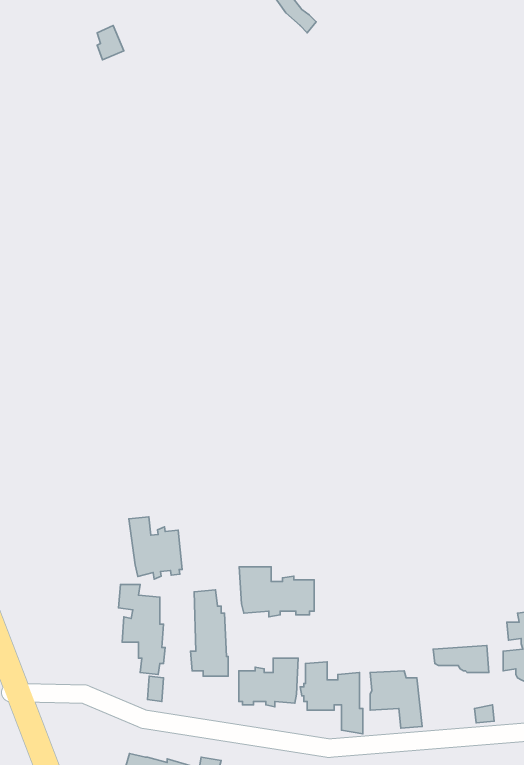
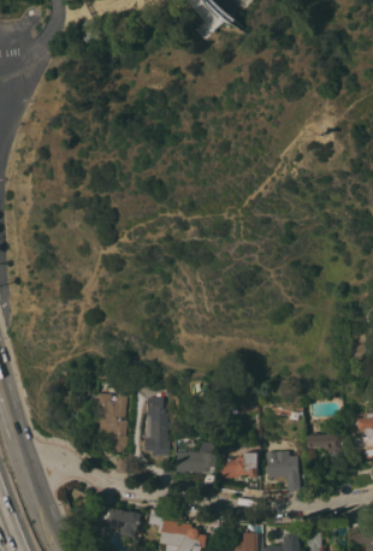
building: [129,517,182,579] -> none
building: [239,567,314,617] -> none

